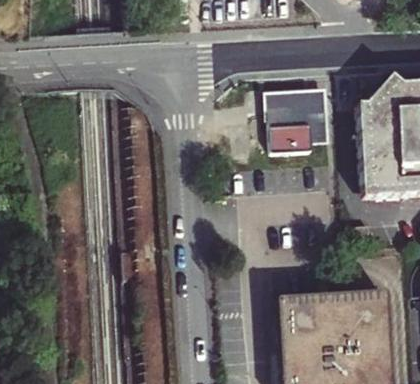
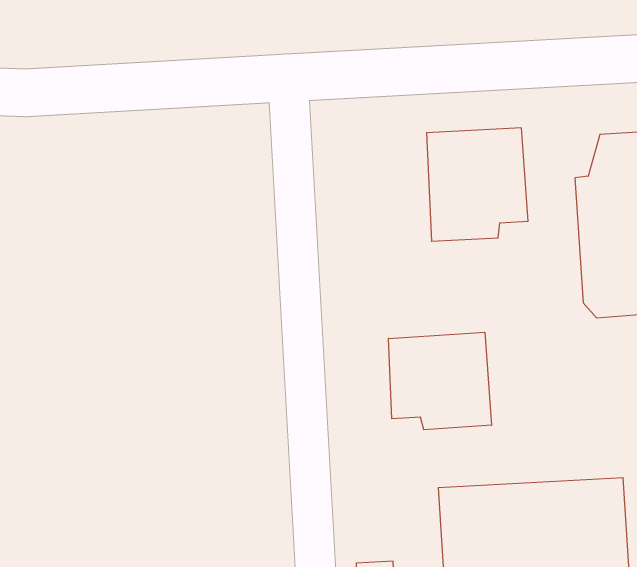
building: none -> [389,332,491,430]

